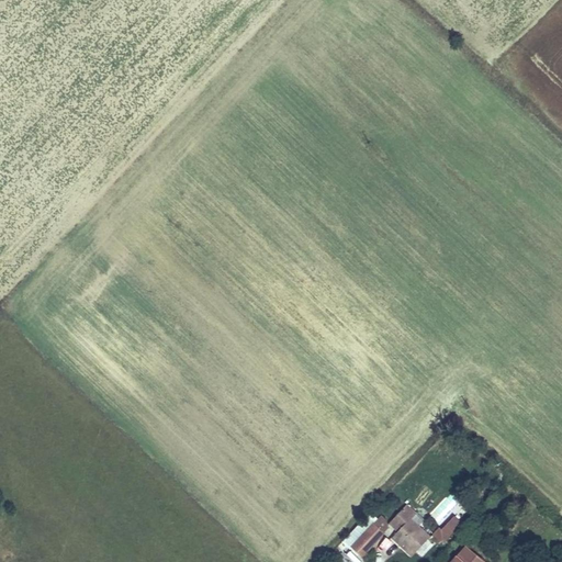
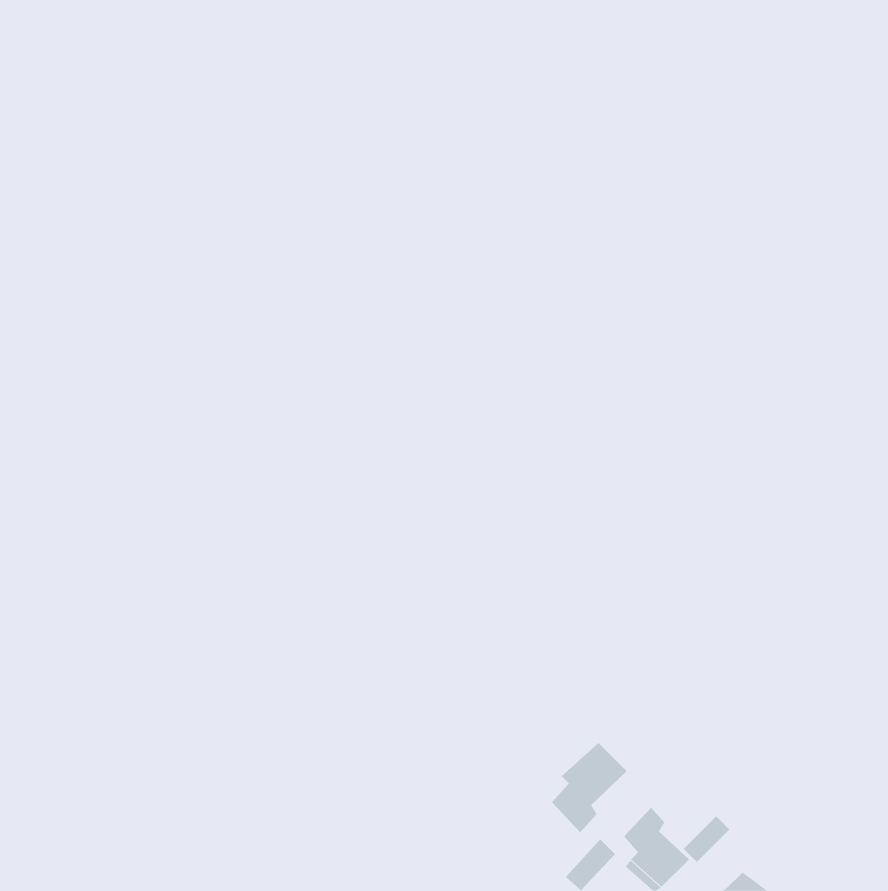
building: none -> [551,742,628,833]

